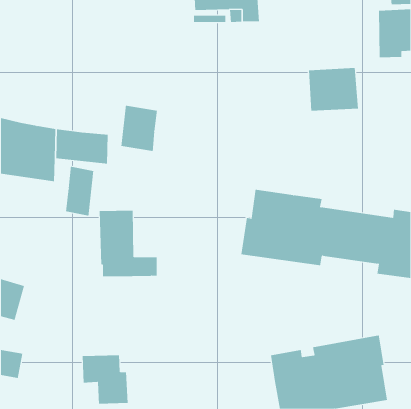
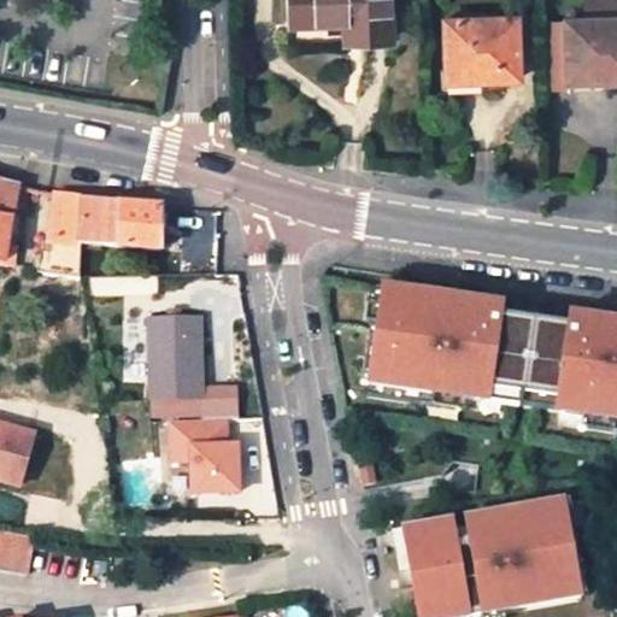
building: [308,68,359,111] -> [445,14,521,80]
building: [121,105,158,152] -> none
building: [65,166,94,216] -> none
building: [82,355,129,404] -> [170,413,240,487]

